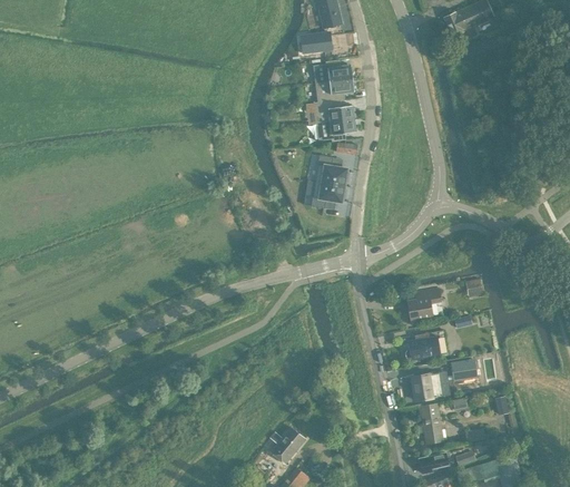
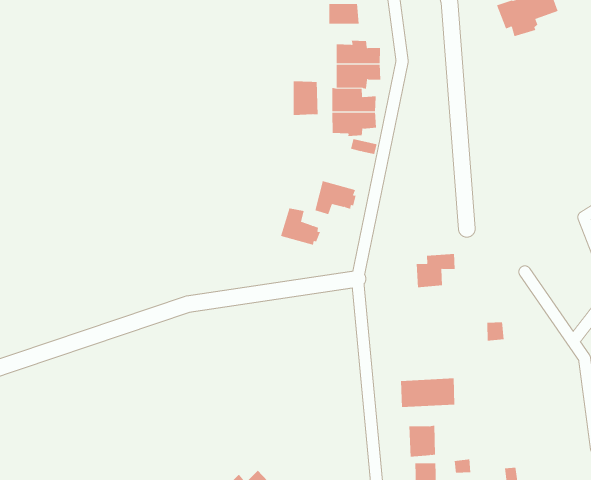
building: none -> [293,81,318,116]
building: [315,156,348,185] -> [280,208,321,246]
building: [407,289,441,321] -> [416,253,455,288]
building: [450,359,476,381] -> none

